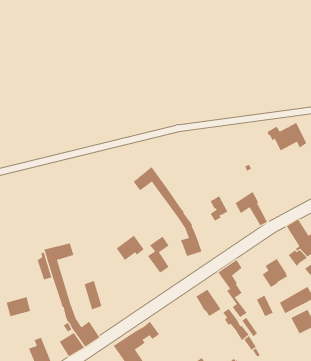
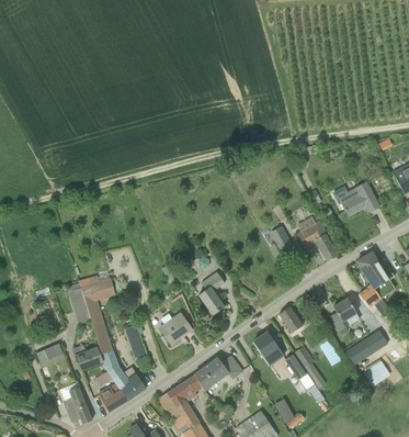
building: [267,122,307,151] -> [332,182,378,215]
building: [133,166,202,257] -> none
building: [116,235,145,261] -> [159,313,192,343]
building: none -> [72,345,102,370]
building: none -> [202,356,242,384]

